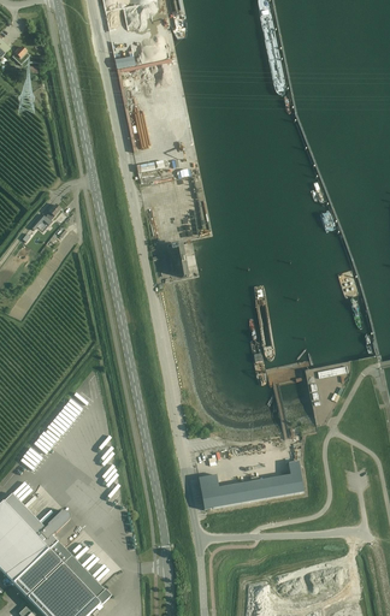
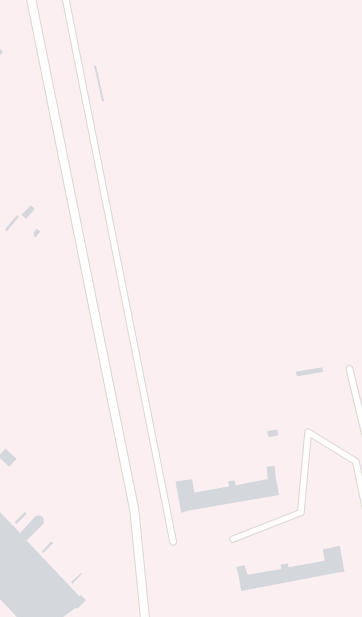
building: none -> [235,545,346,592]

